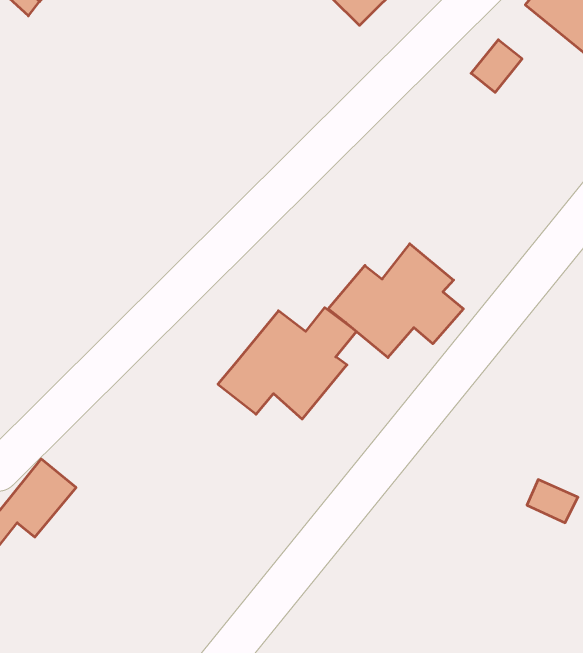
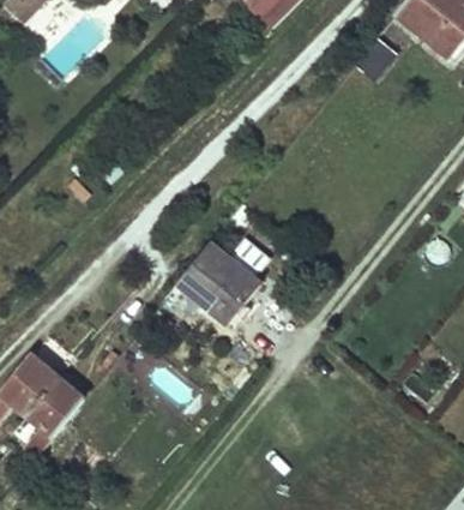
building: [328,244,463,358] -> none
building: none -> [19,377,84,462]

